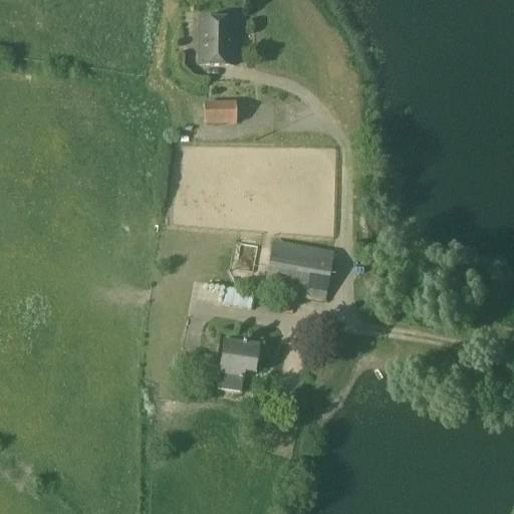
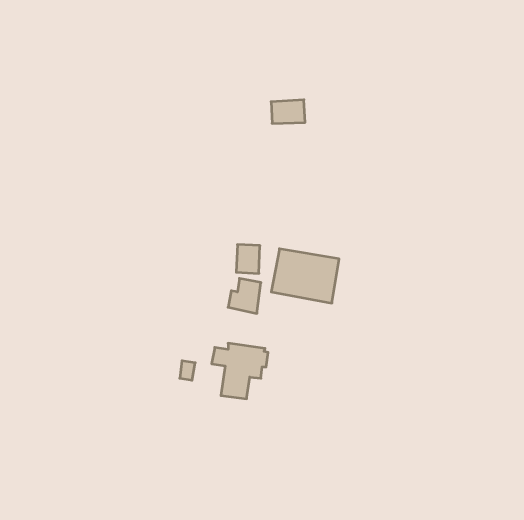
building: [198,15,238,63] -> none
building: [204,98,237,121] -> [271,100,305,123]

